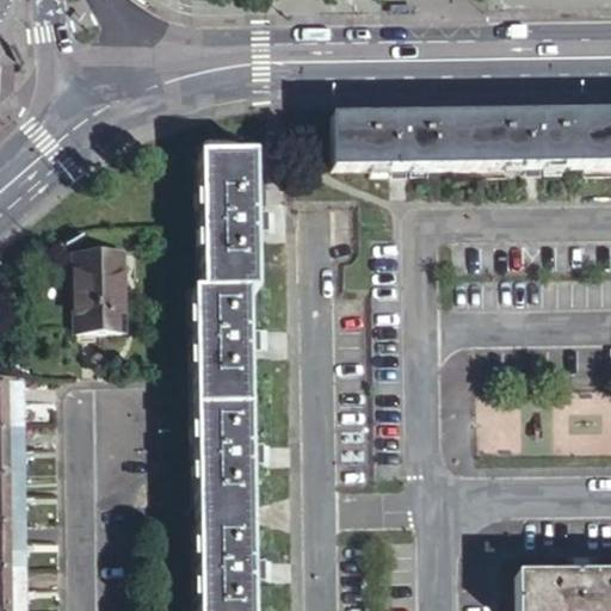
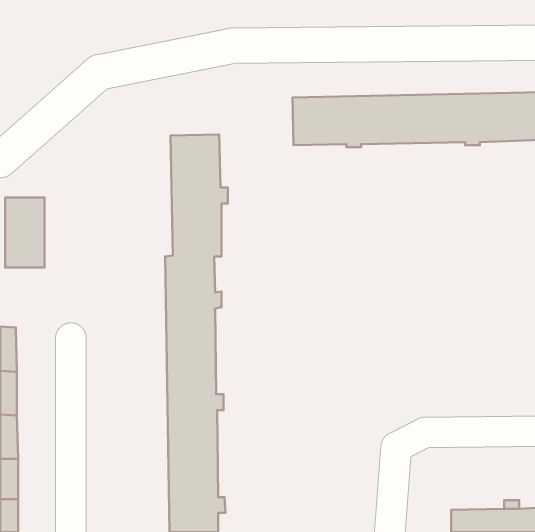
building: [90,239,134,317] -> [5,198,44,268]

